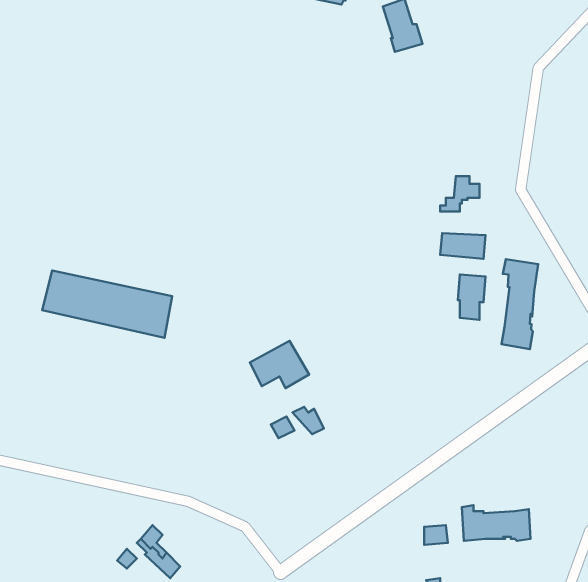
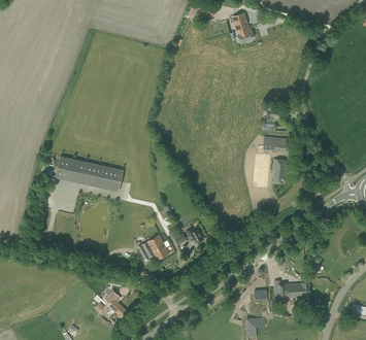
building: [501,259,538,349] -> none
building: [250,341,309,388] -> [138,235,169,260]

